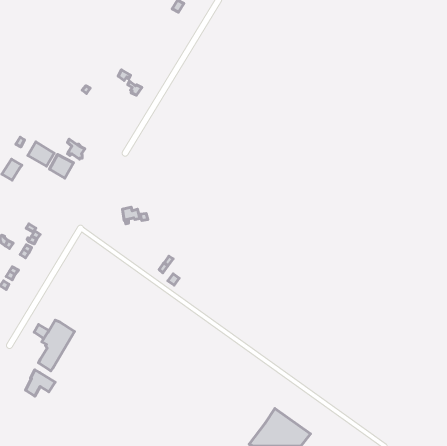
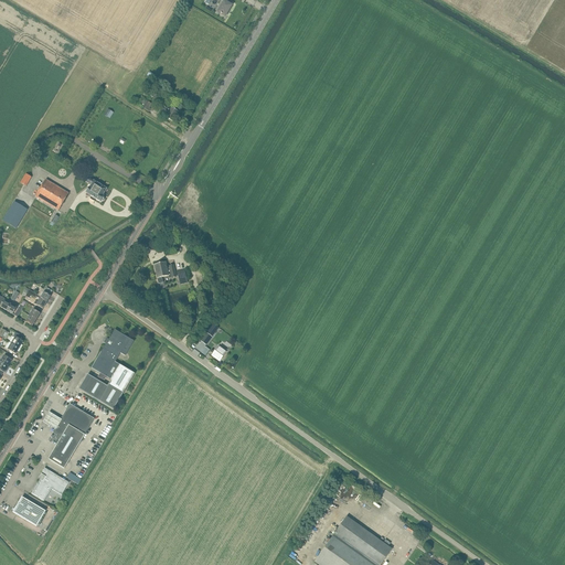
building: [49,155,74,178] -> none
building: none -> [79,329,135,408]
building: none -> [13,497,45,525]

